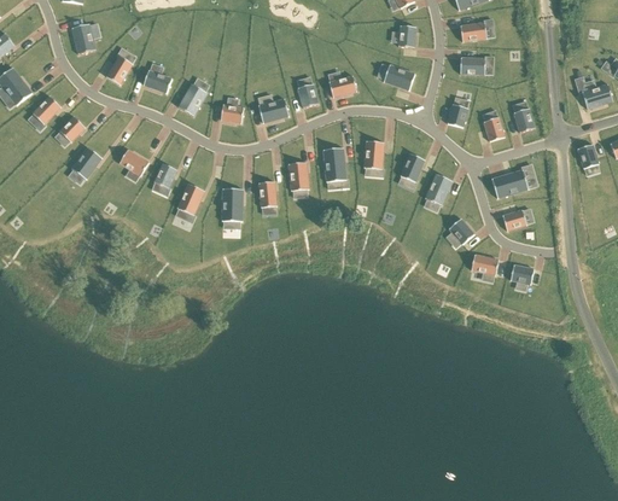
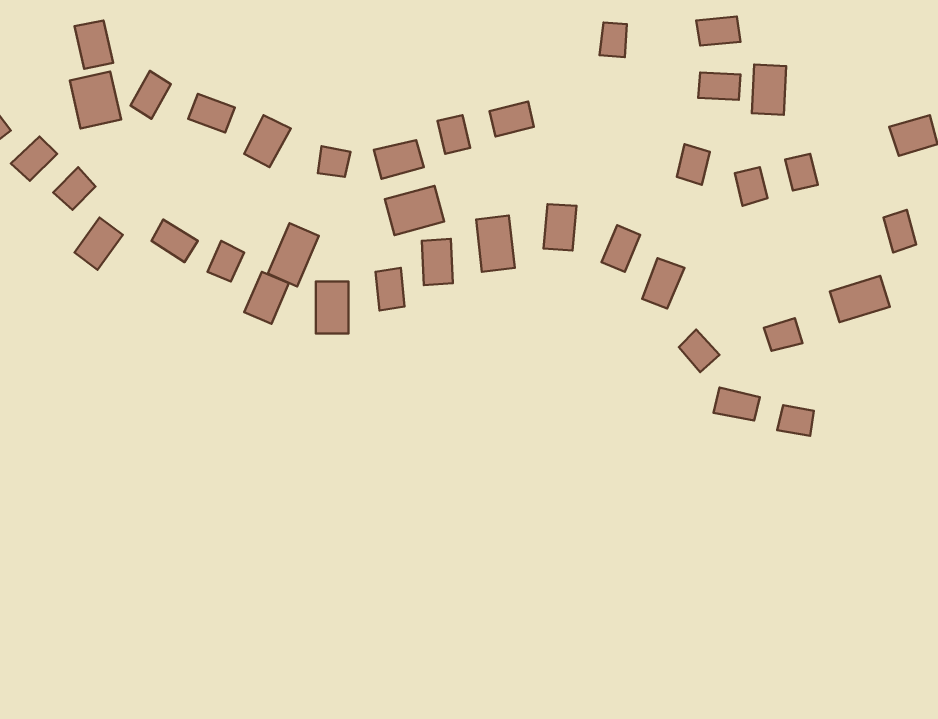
building: none -> [752,65,786,115]
building: none -> [70,71,121,128]
building: [384,64,416,91] -> none
building: none -> [385,186,444,235]
building: none -> [268,223,319,286]
building: [494,168,531,197] -> [830,276,890,322]

